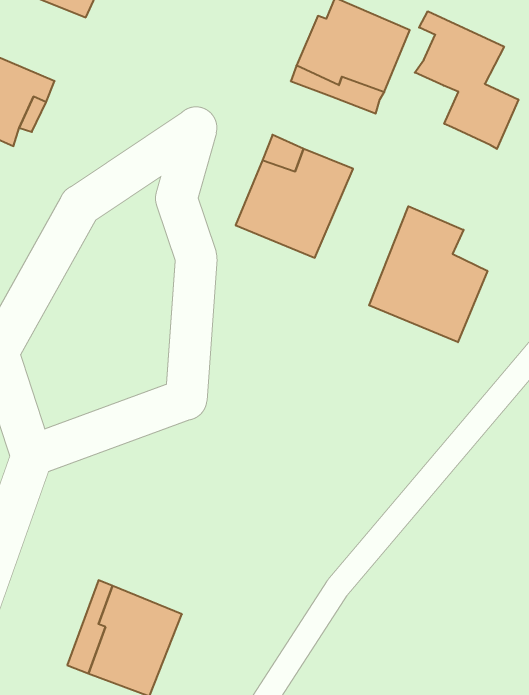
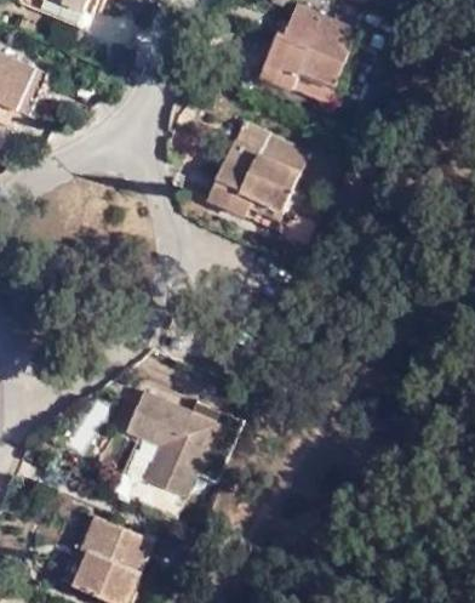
building: [415,11,518,149] -> none
building: [369,206,487,342] -> none
building: none -> [121,385,217,493]

